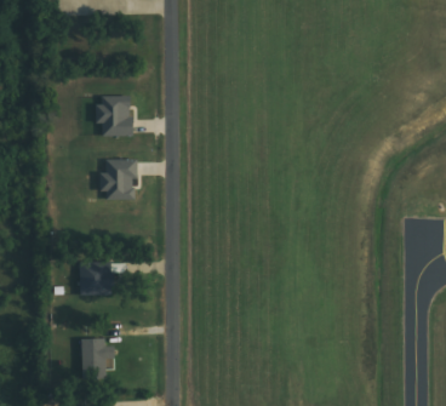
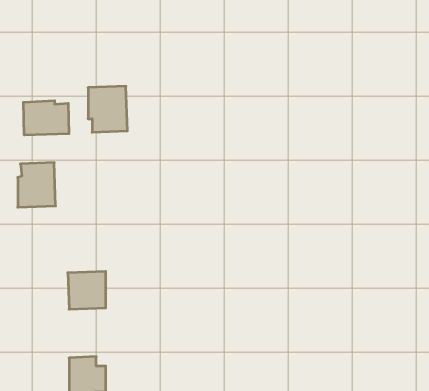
building: none -> [23,101,69,135]
building: [102,159,136,199] -> [18,163,56,207]

